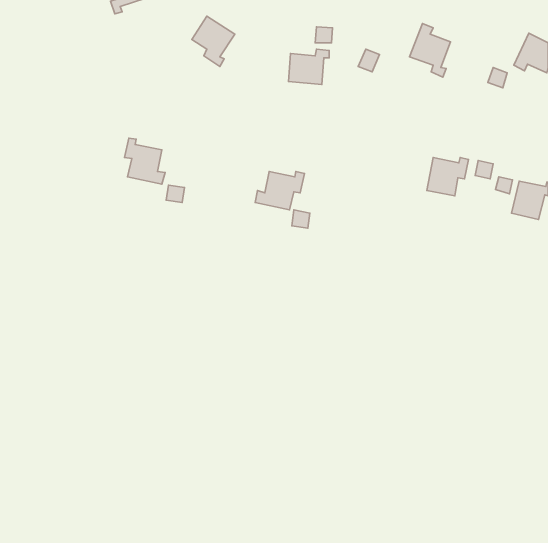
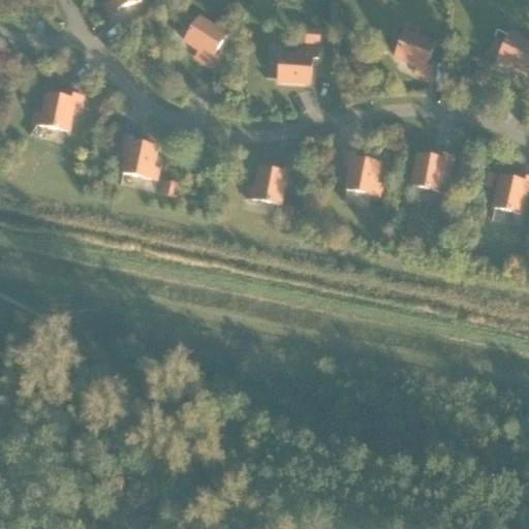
building: none -> [33,92,82,129]
building: none -> [344,150,381,194]

